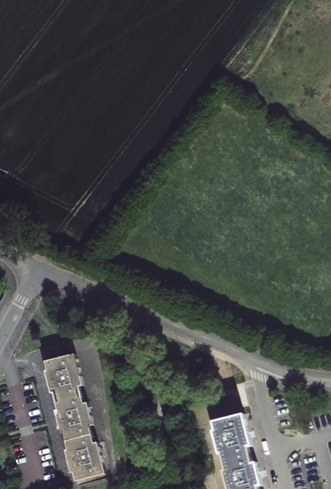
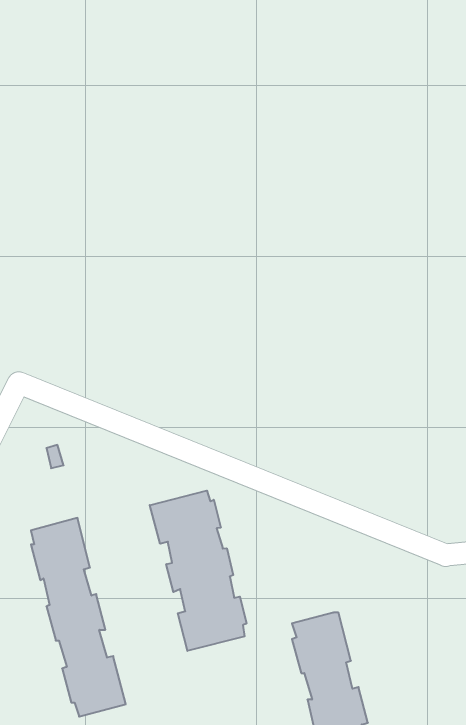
building: none -> [150,491,246,651]

